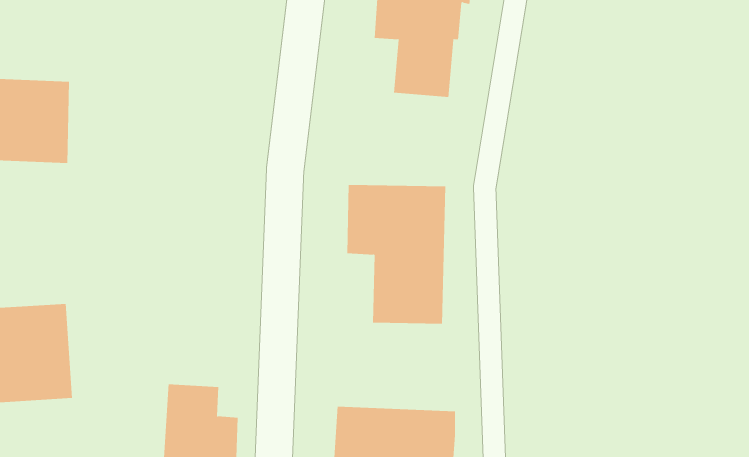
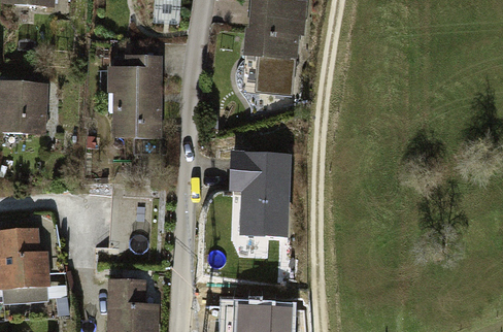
building: none -> [100,61,161,144]

